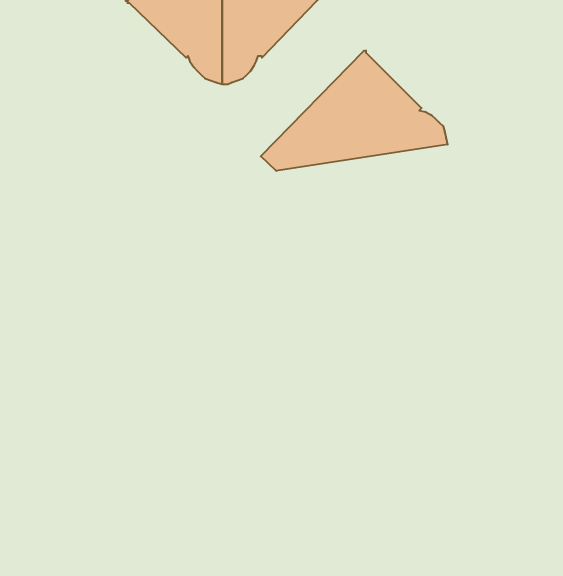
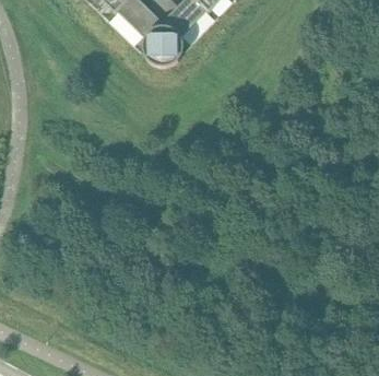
building: [261,50,448,171] -> none

